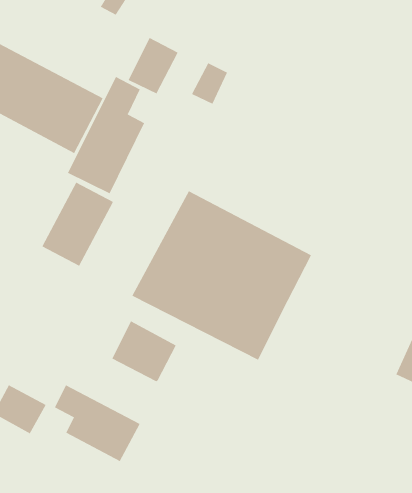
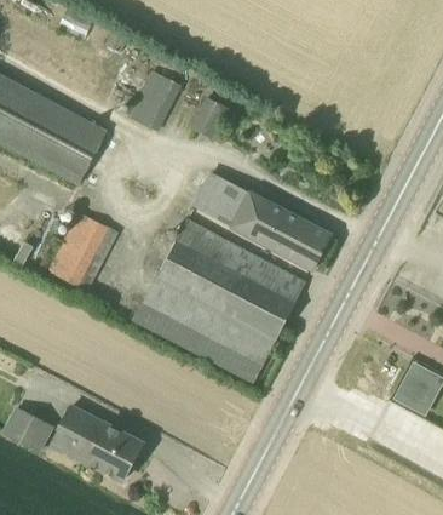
building: [67,76,145,194] -> none
building: none -> [195,172,332,269]
building: [111,321,177,382] -> none

